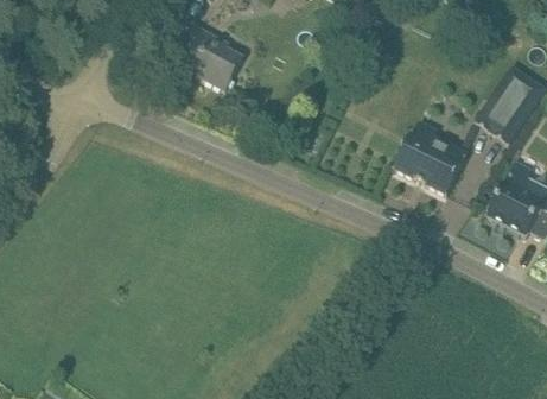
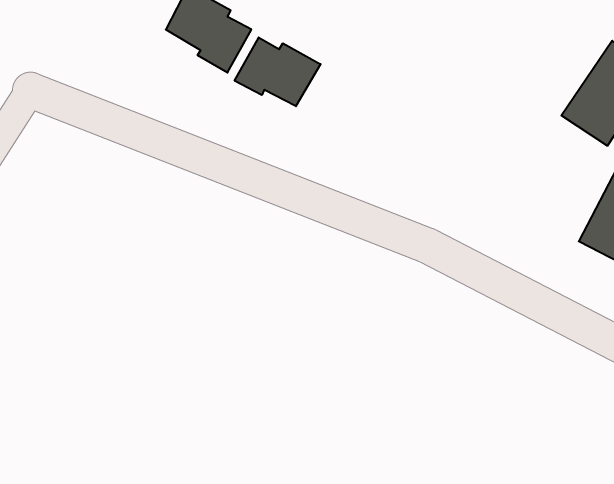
building: none -> [235,37,321,106]
building: [394,131,468,194] -> none

